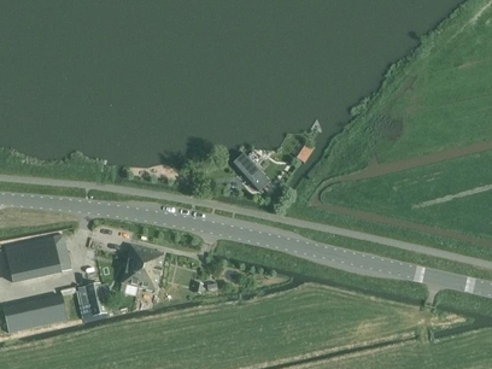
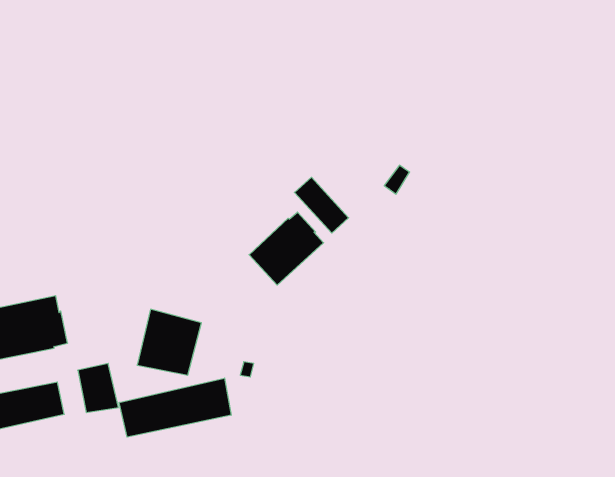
building: none -> [249,212,324,285]
building: none -> [119,378,231,437]

